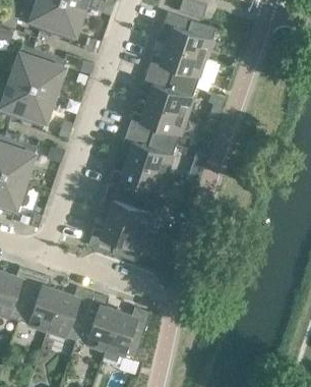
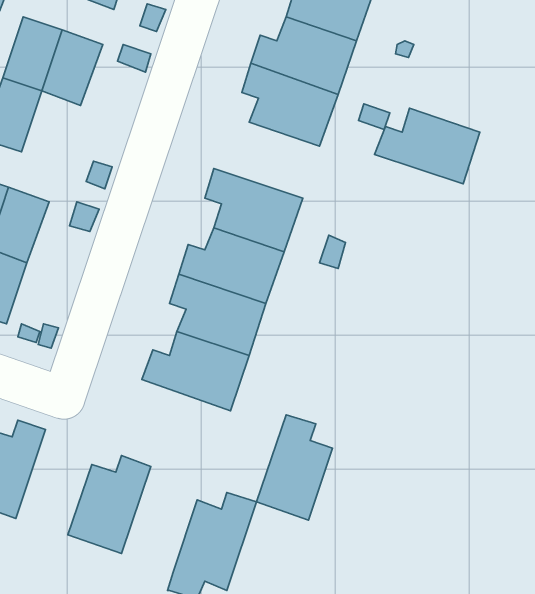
building: [21,86,54,127] -> none
building: [127,103,185,145] -> [374,108,480,184]
building: [18,272,60,330] -> none
building: [76,292,118,350] -> [257,415,332,520]

